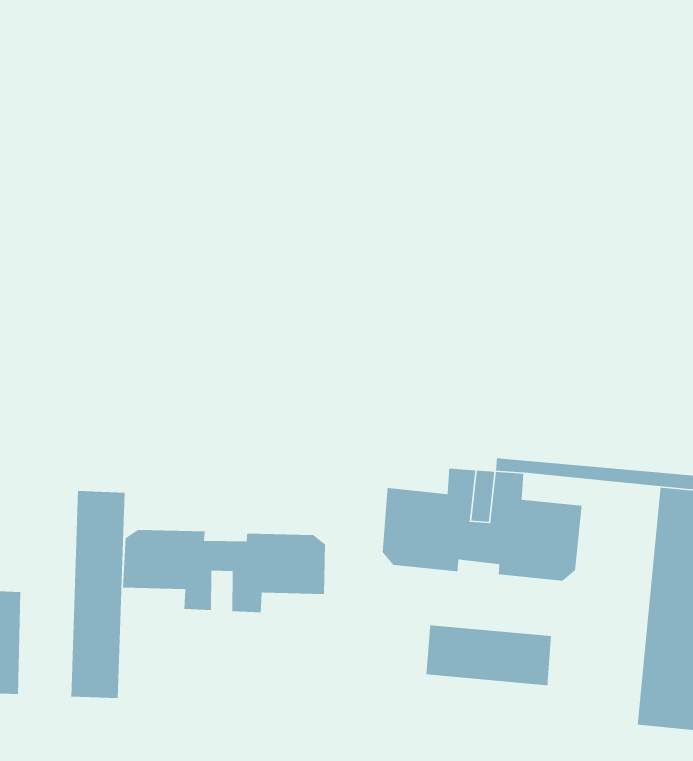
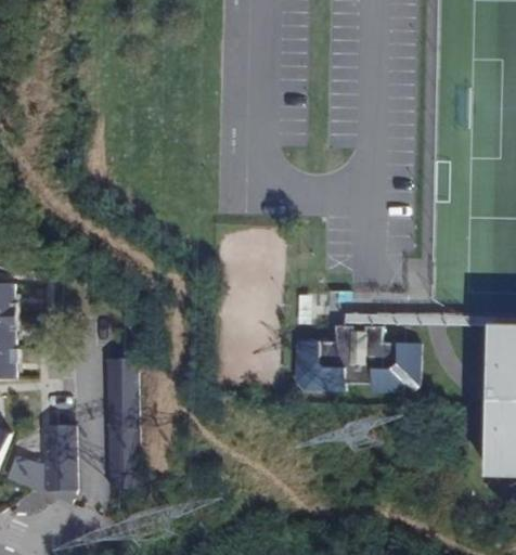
building: [122,529,326,613] -> none
building: [426,625,552,686] -> none

